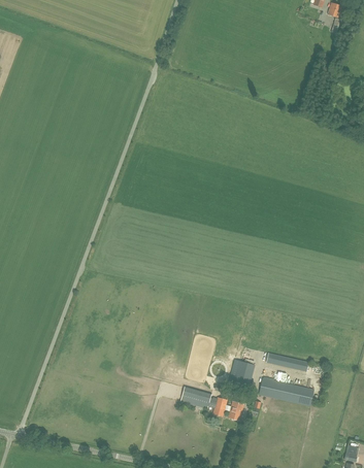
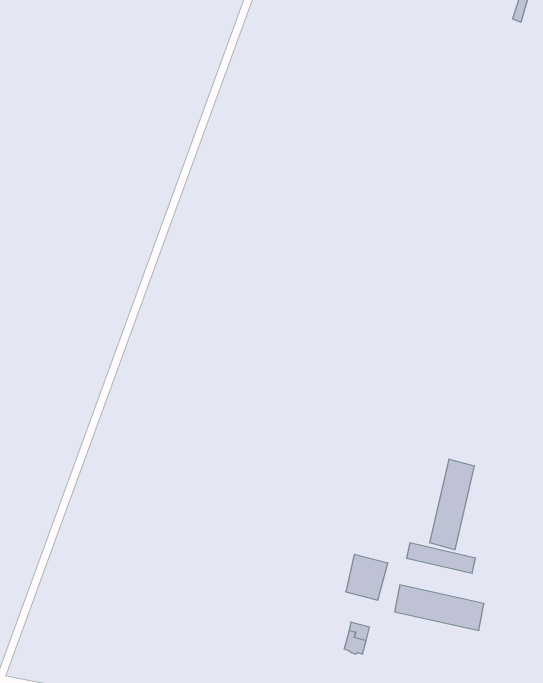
building: none -> [430,459,474,550]
building: [180,386,227,415] -> none

